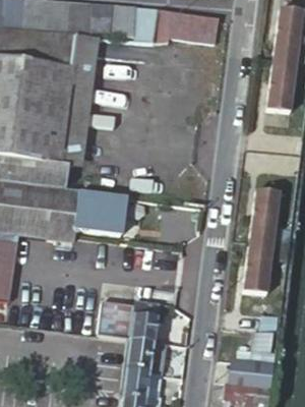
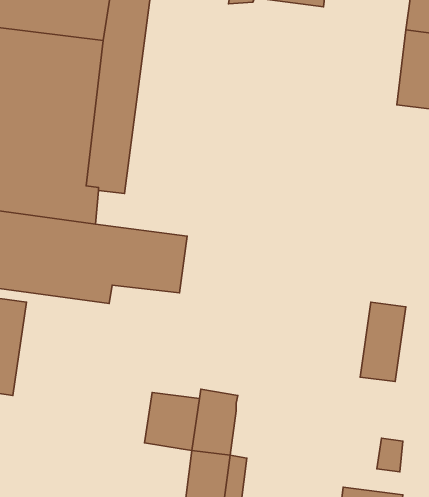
building: [248,188,278,242] -> none

